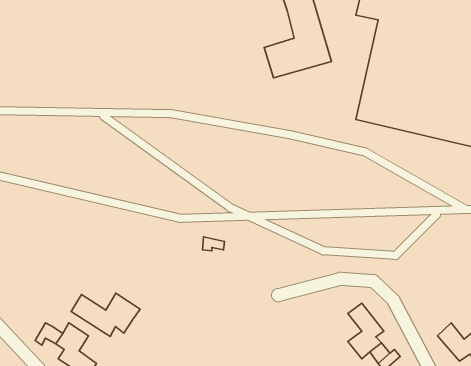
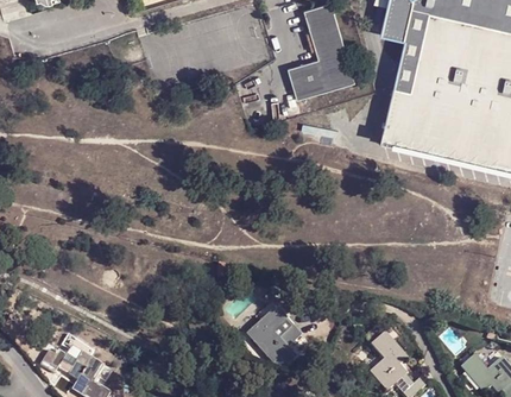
building: none -> [250,307,302,360]
building: [71,293,140,336] -> none

